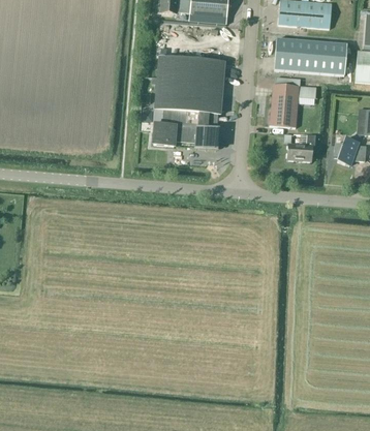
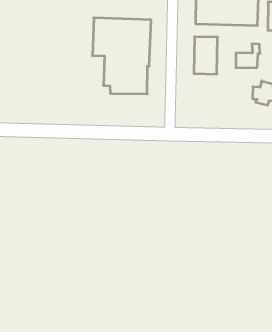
building: [153,97,175,146] -> none
building: [287,133,315,160] -> [236,44,260,68]

